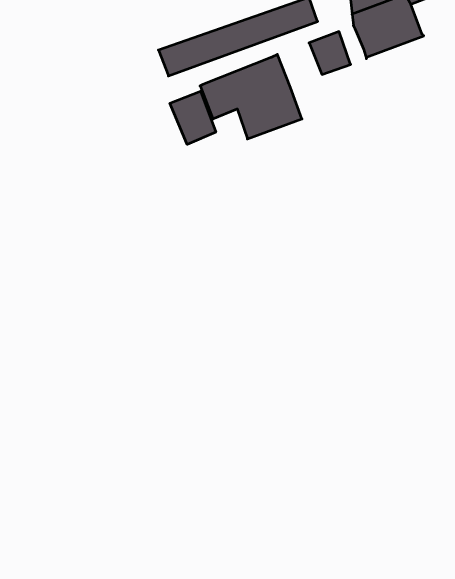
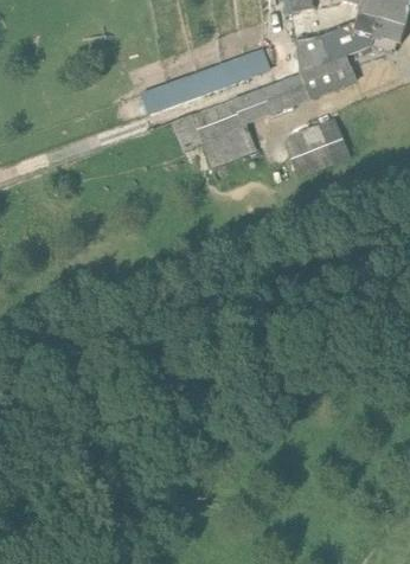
building: none -> [284,117,351,178]
building: [170,91,216,144] -> none

